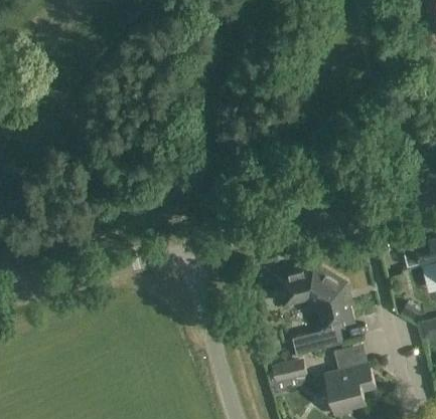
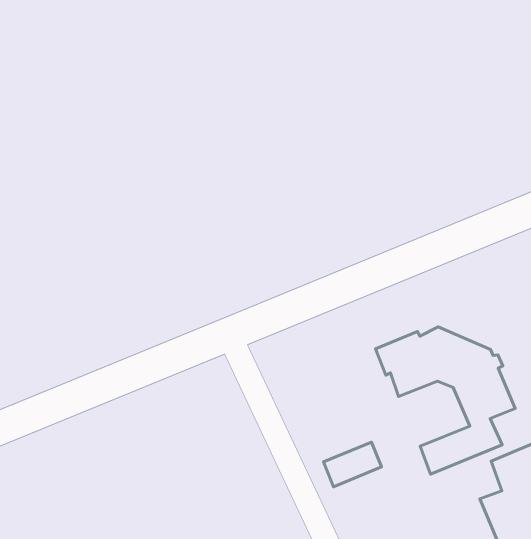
building: [272,360,307,384] -> [323,442,382,487]

